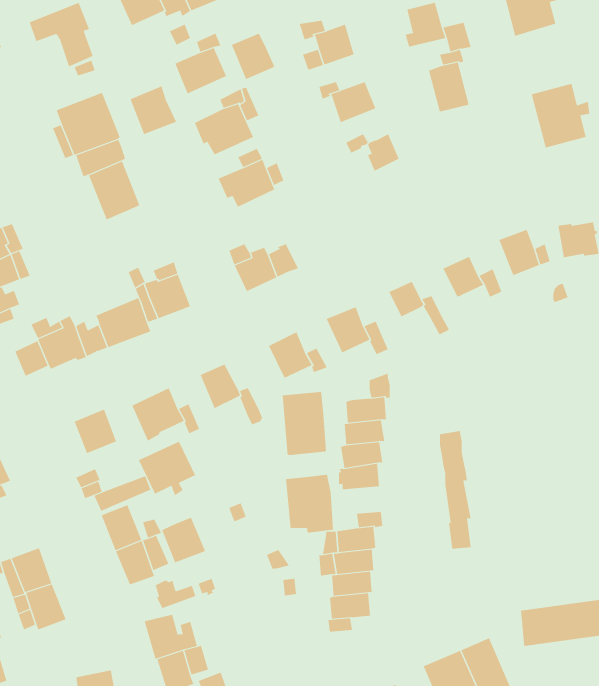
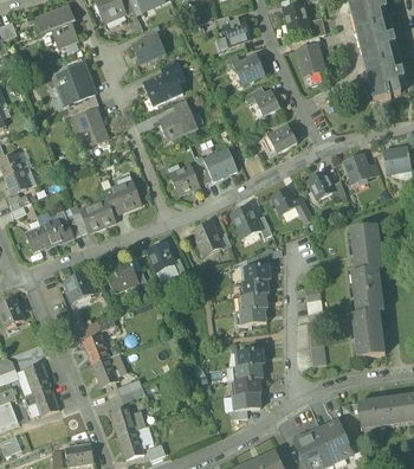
building: none -> [355,18,395,64]
building: [231,33,275,80] -> none
building: [130,85,177,135] -> none
building: none -> [264,124,297,155]
building: none -> [205,149,238,179]
building: none -> [350,225,384,358]
building: [282,391,327,456] -> none
building: [138,441,196,496] -> none
building: [285,473,333,534] -> none
building: [161,517,206,563] -> none

